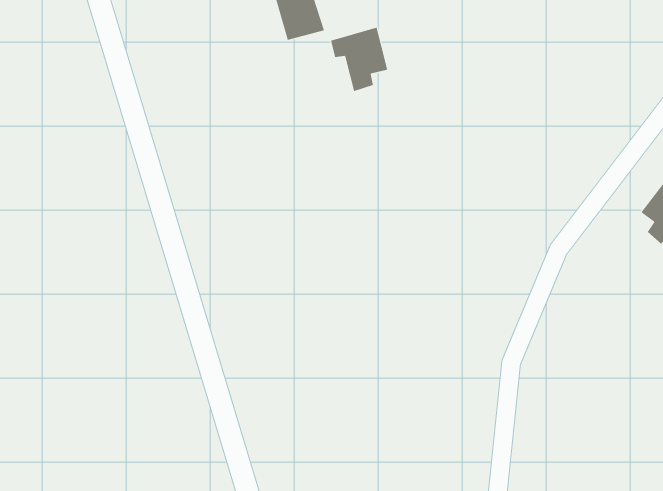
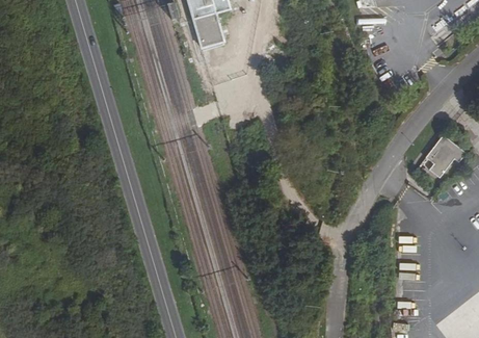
building: [330,27,388,92] -> none

